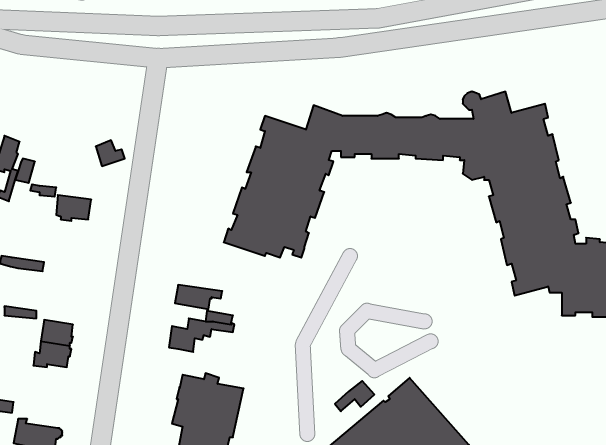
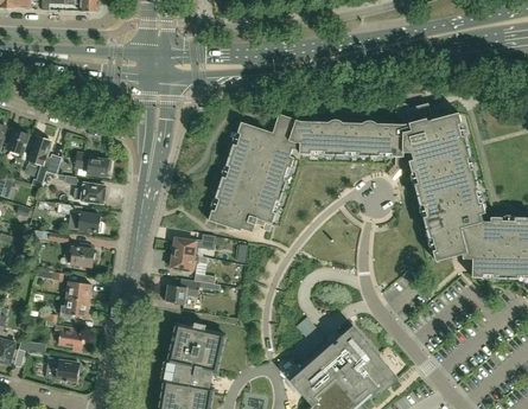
building: none -> [75,152,108,177]
building: none -> [57,203,102,231]
building: none -> [172,234,215,257]
building: none -> [65,242,96,268]
building: none -> [45,320,83,351]

